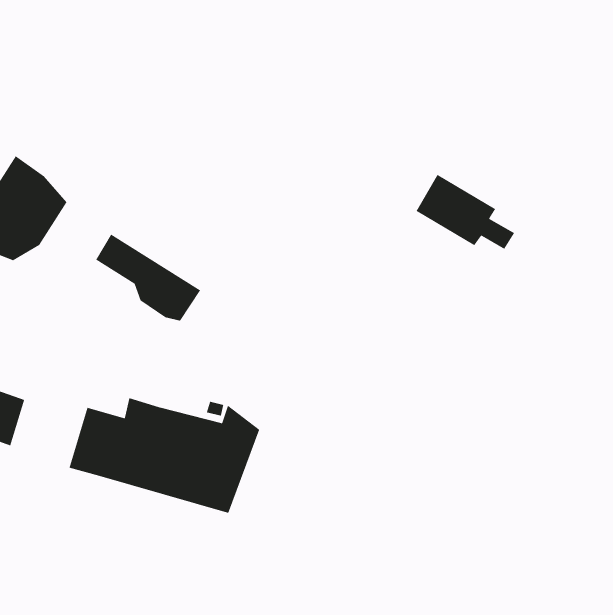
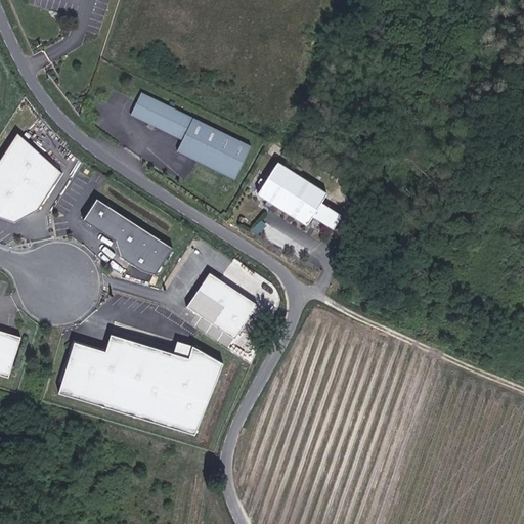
building: none -> [130,91,250,178]
building: [415,174,515,250] -> [257,164,342,228]
building: none -> [186,273,256,339]

